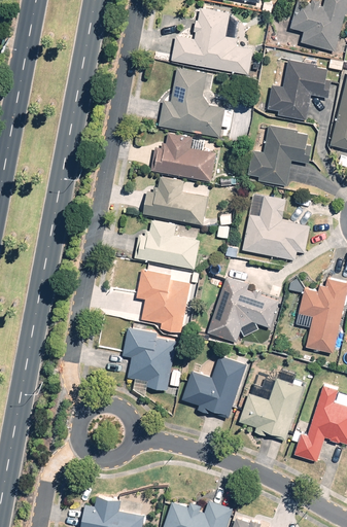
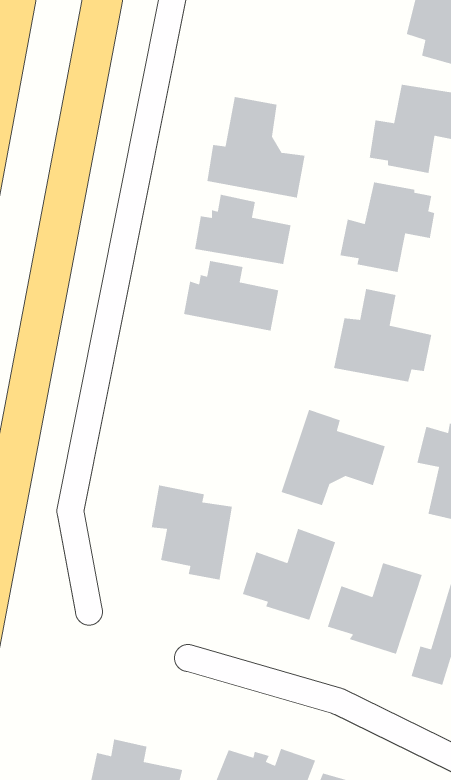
building: [172,8,252,74] -> none
building: [135,220,199,268] -> none
building: [137,270,189,331] -> none

